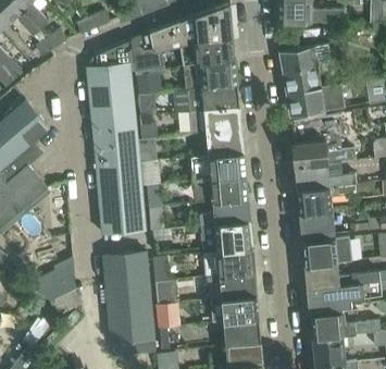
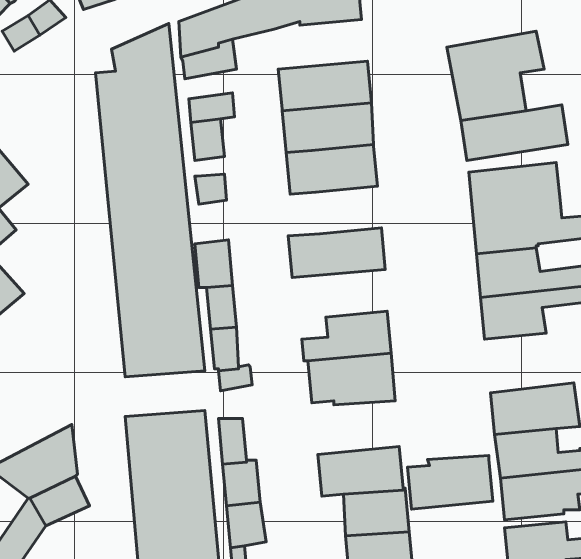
building: [184,38,235,65] -> none
building: [207,130,242,156] -> none
building: [194,175,247,202] -> none
building: [299,210,335,237] -> none
building: [206,247,252,276] -> [408,455,493,509]

